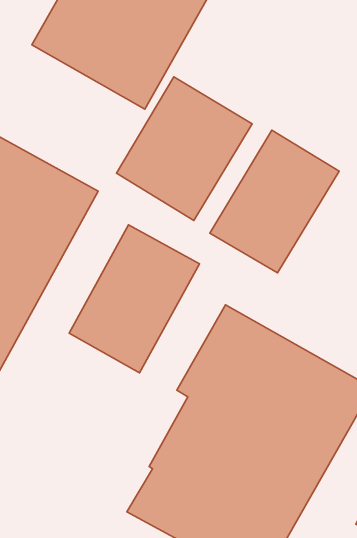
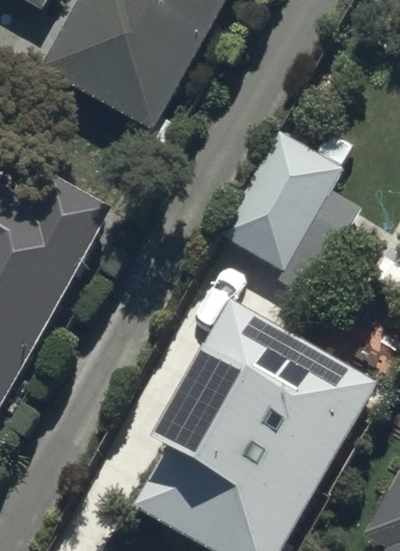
building: [117,77,252,221] -> none
building: [69,225,200,373] -> none

